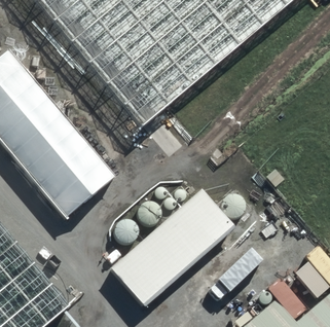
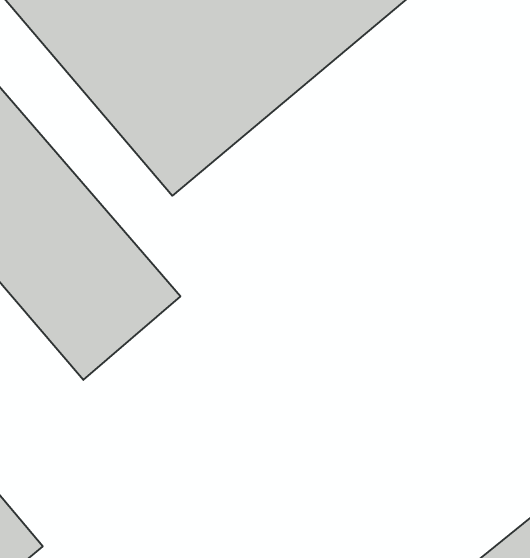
building: [115,187,239,306] -> none

